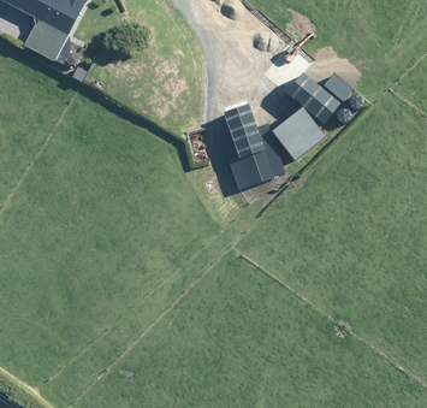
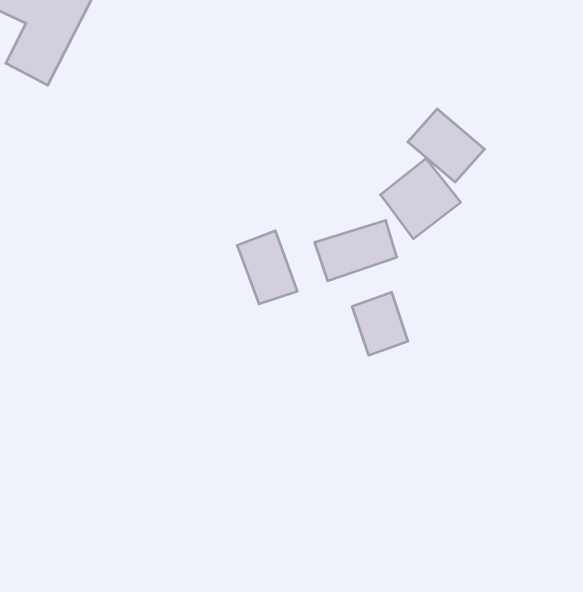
building: [224,106,263,154] -> [237,231,297,304]
building: none -> [352,292,408,355]

